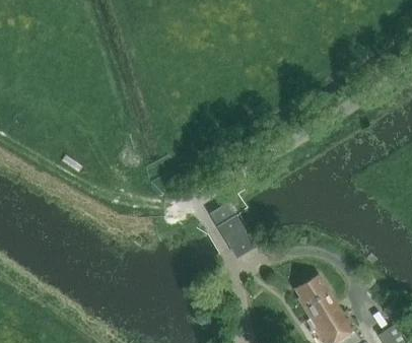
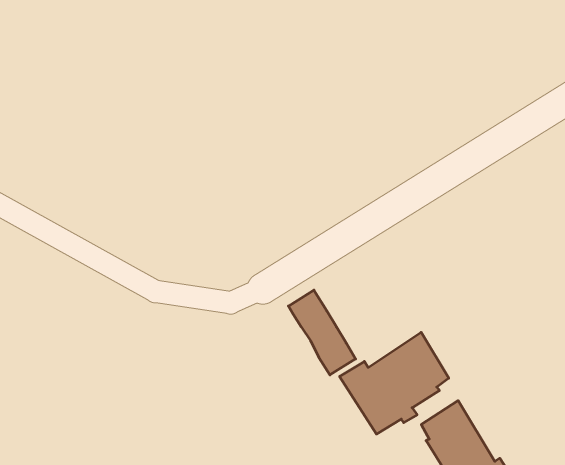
building: none -> [340,332,449,434]

